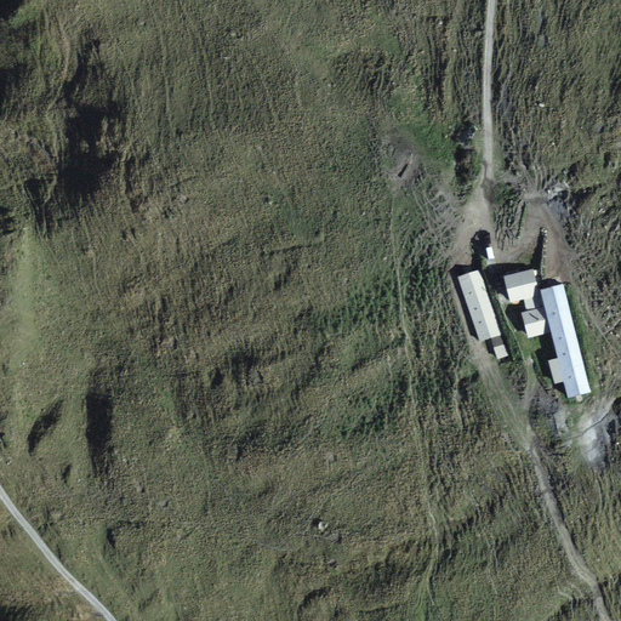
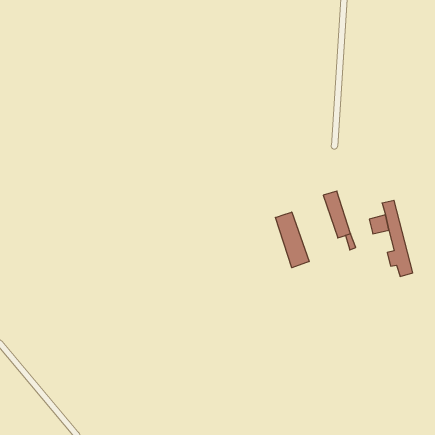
building: [507,269,540,304] -> none
building: none -> [275,212,309,268]

